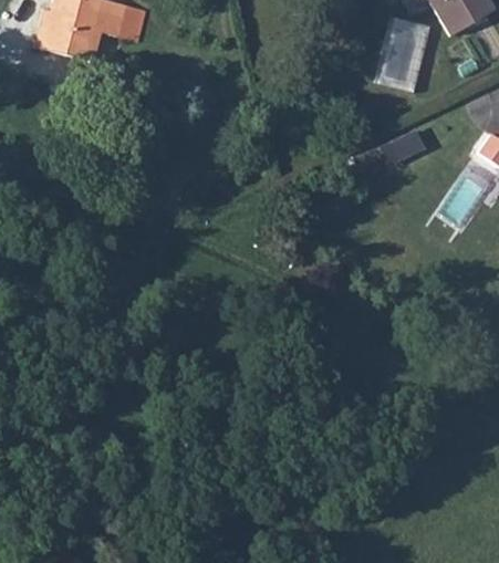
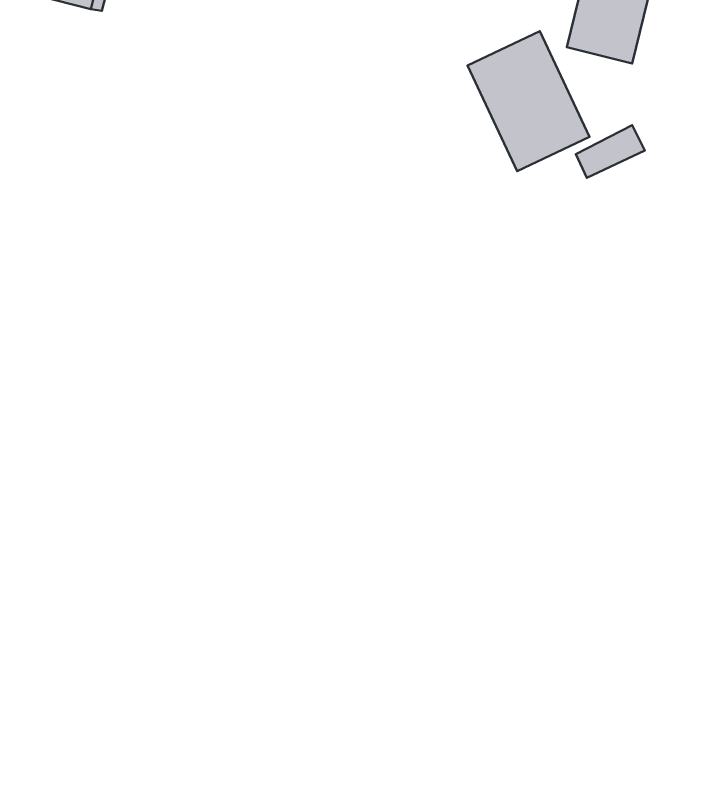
building: none -> [468,31,589,171]

